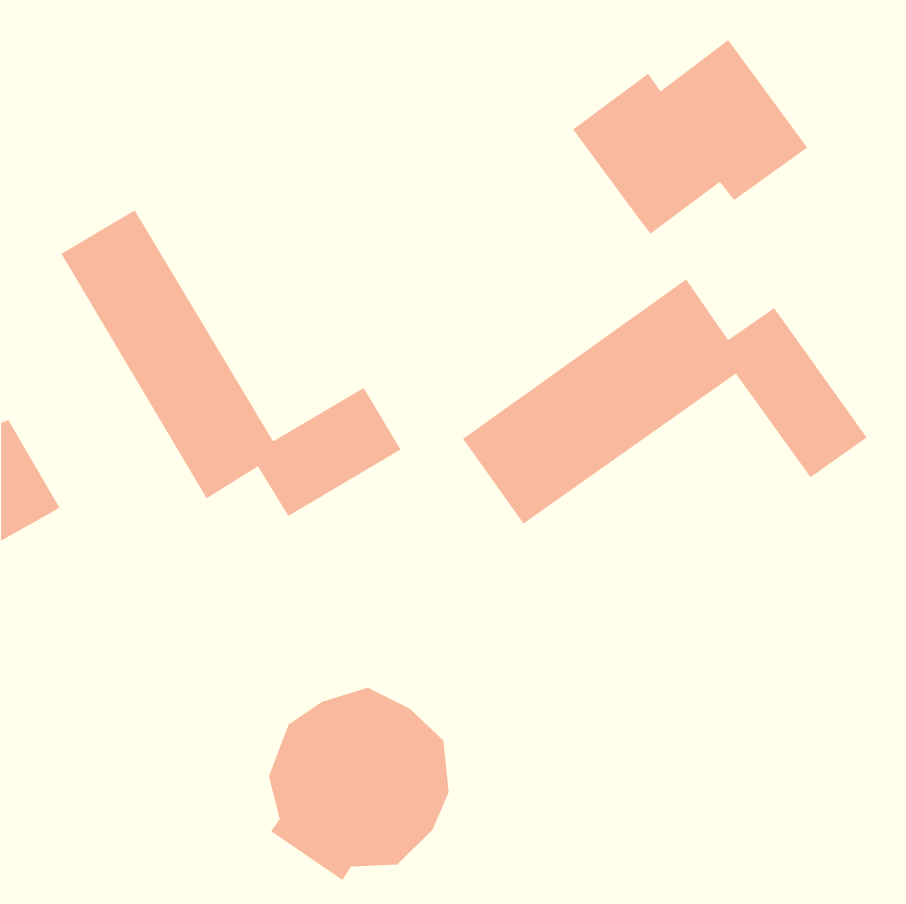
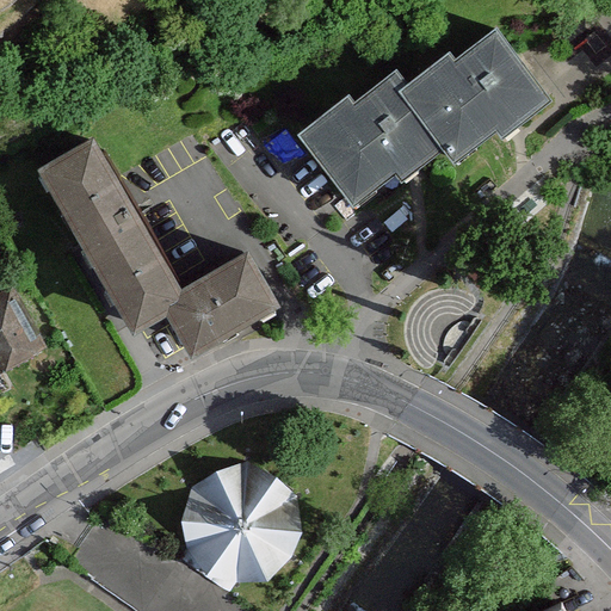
building: none -> [291,79,430,200]
building: [462,279,868,524] -> none

